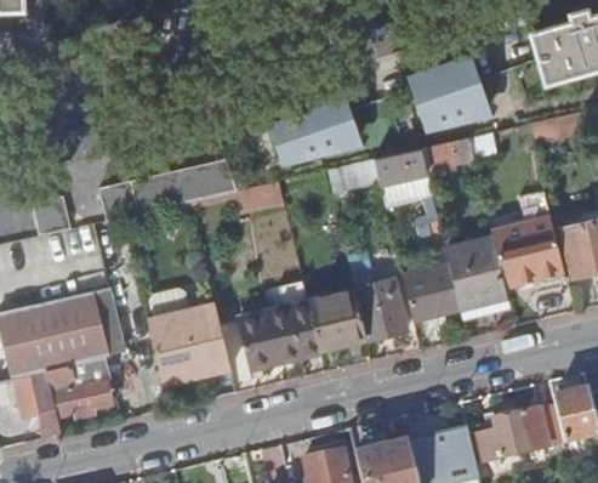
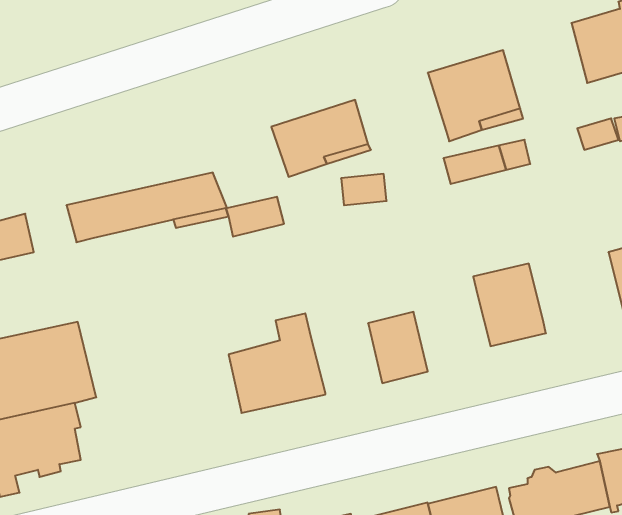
building: [374,147,428,184] -> none
building: [491,217,562,285] -> none
building: [403,263,461,319] -> none
building: [308,289,368,347] -> none
building: [147,299,232,387] -> none

